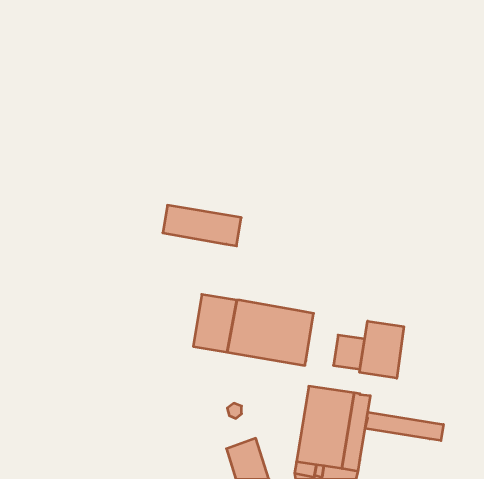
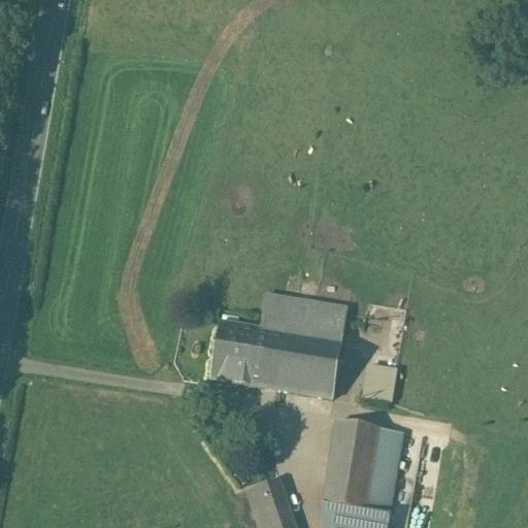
building: [163,205,241,246] -> [261,297,346,341]
building: [360,321,404,378] -> none
building: [365,412,443,441] -> none

